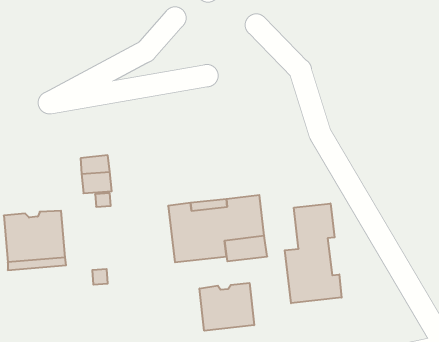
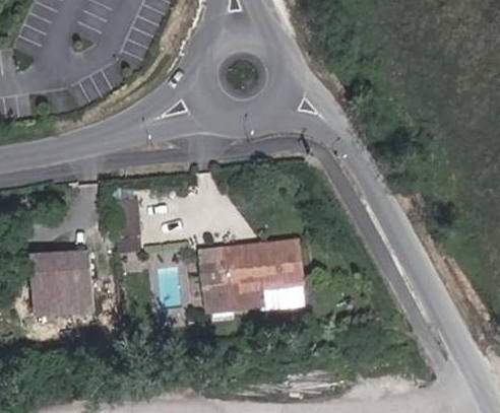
building: [285,203,342,303] -> none
building: [200,283,254,331] -> none

